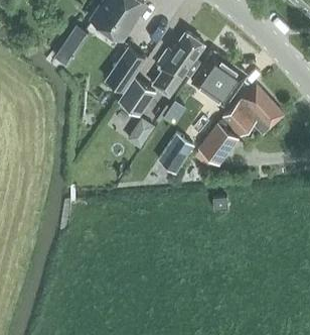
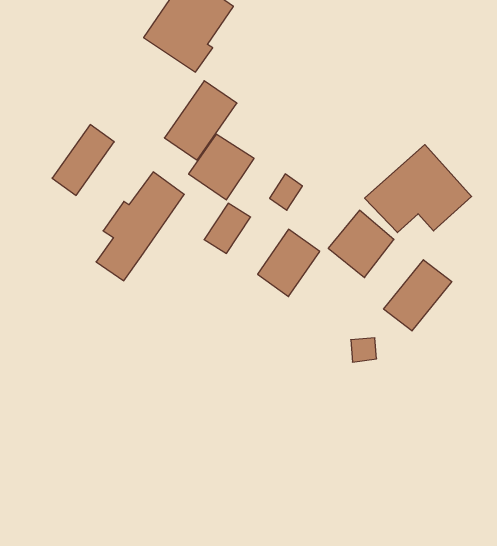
building: [55,23,92,65] -> [52,125,114,195]
building: [152,33,203,97] -> [96,172,184,281]
building: [195,52,246,99] -> none
building: none -> [384,260,452,331]

